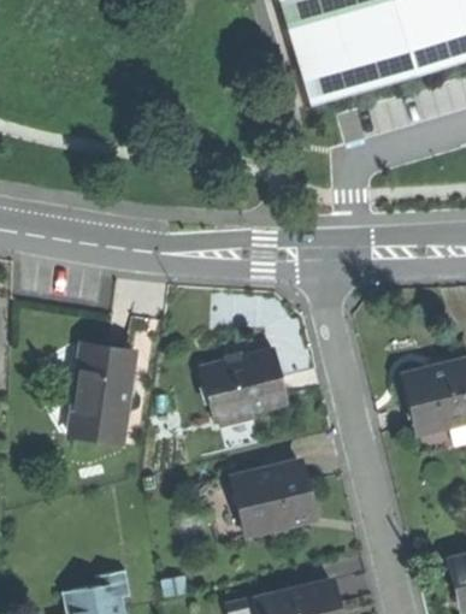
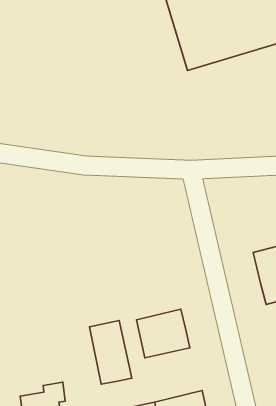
building: [70,346,135,439] -> none
building: [202,348,287,419] -> none
building: none -> [89,320,132,384]

